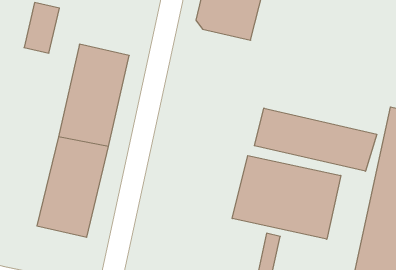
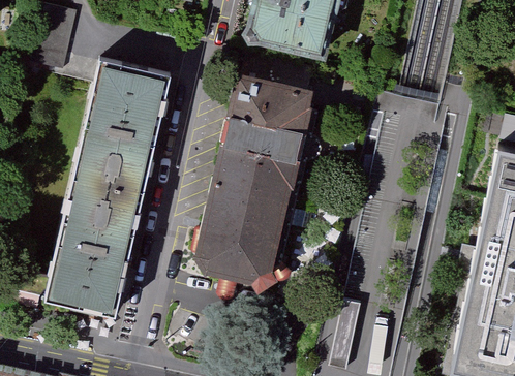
building: none -> [199,74,311,279]
building: [254,108,377,171] -> none
building: [232,156,341,239] -> none

